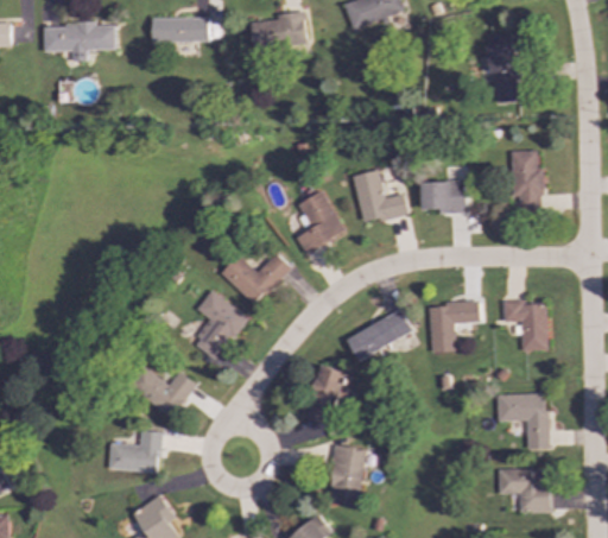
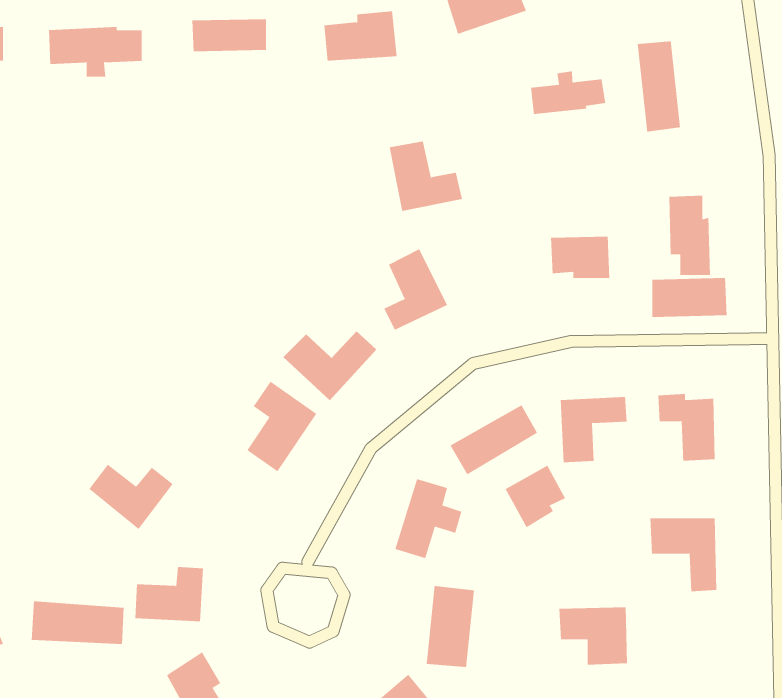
building: none -> [530,70,606,115]
building: [354,170,410,223] -> [389,141,463,212]
building: none -> [652,277,727,318]
building: none -> [505,465,566,528]
building: [133,368,197,418] -> [89,464,174,530]
building: none -> [31,600,124,645]
building: [499,468,551,512] -> [559,607,628,665]

